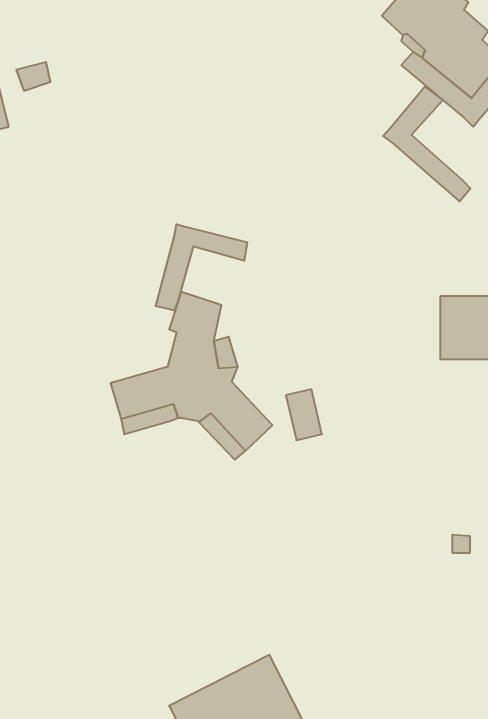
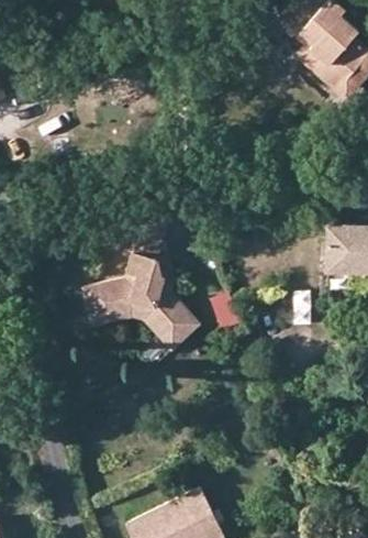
building: [383,87,470,202] -> none
building: [156,224,247,311] -> none

